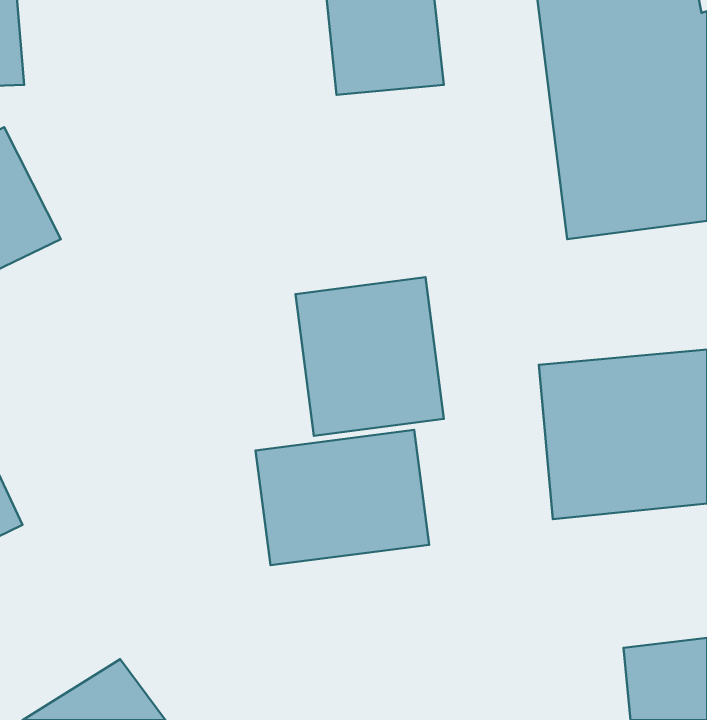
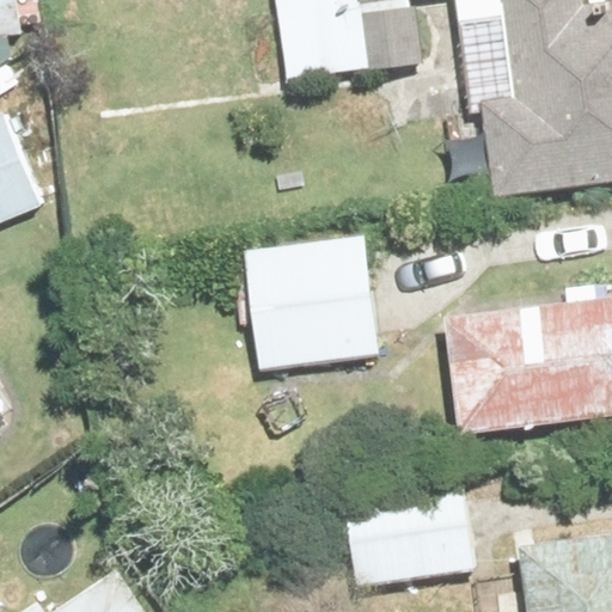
building: [255,430,429,565] -> none
building: none -> [351,488,478,582]

